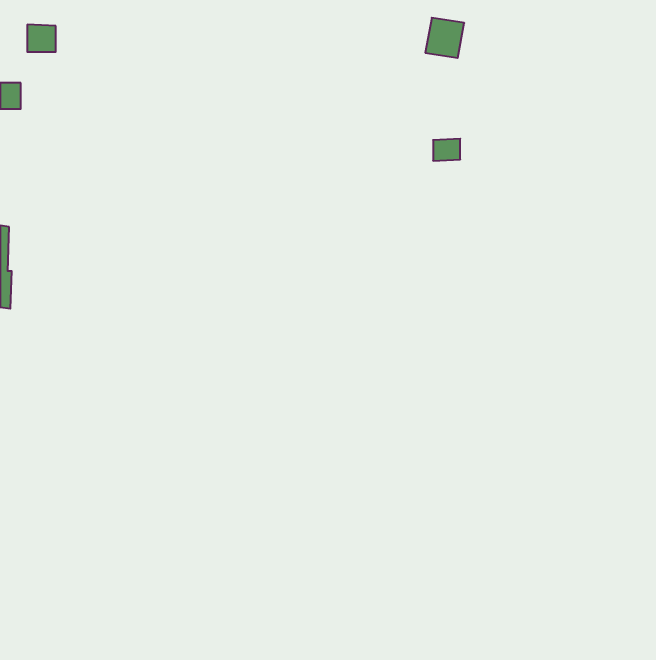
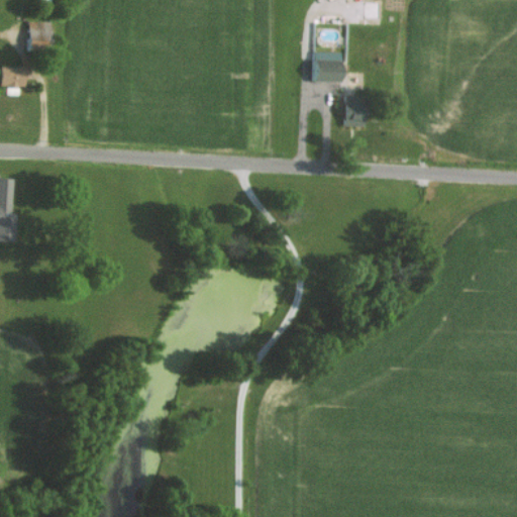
building: [425,18,464,58] -> [310,50,340,82]

